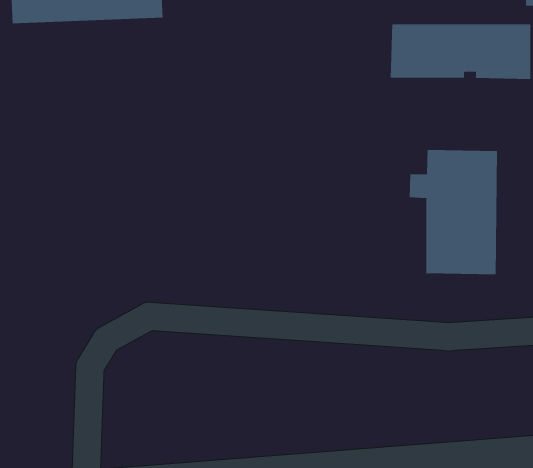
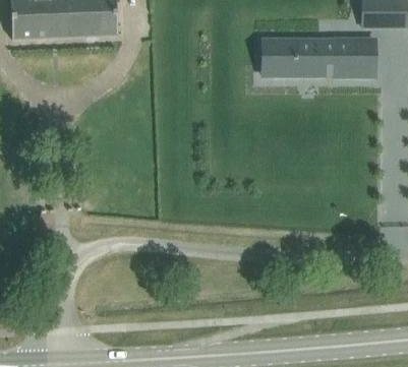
building: [409,149,498,275] -> none

